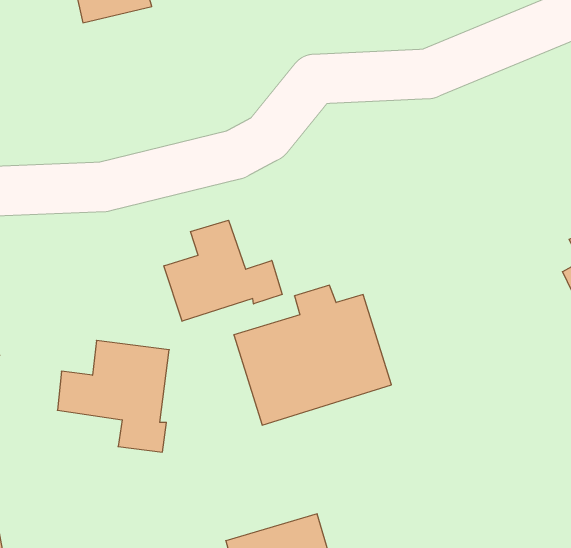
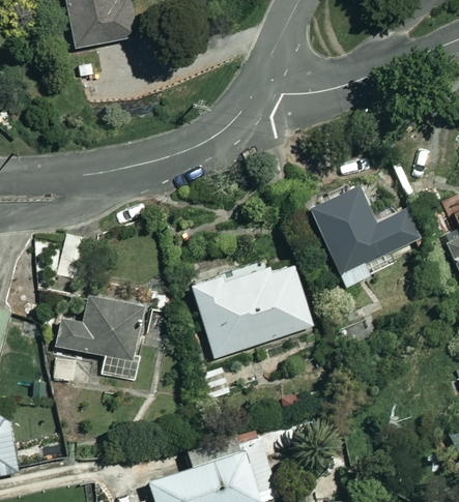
building: none -> [308,183,421,290]
building: [164,220,282,321] -> none

